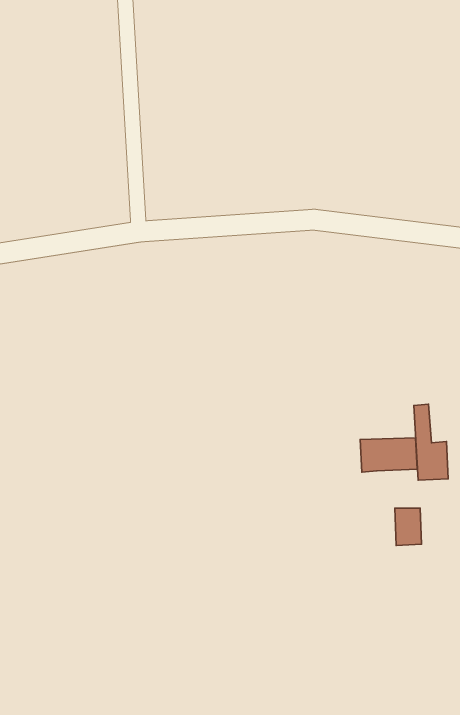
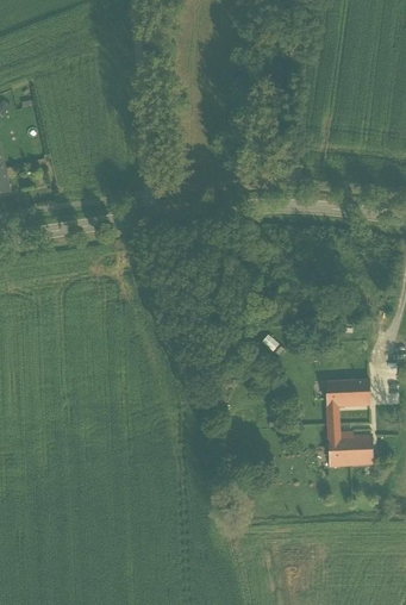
building: [414,404,448,480] -> [325,405,352,466]

